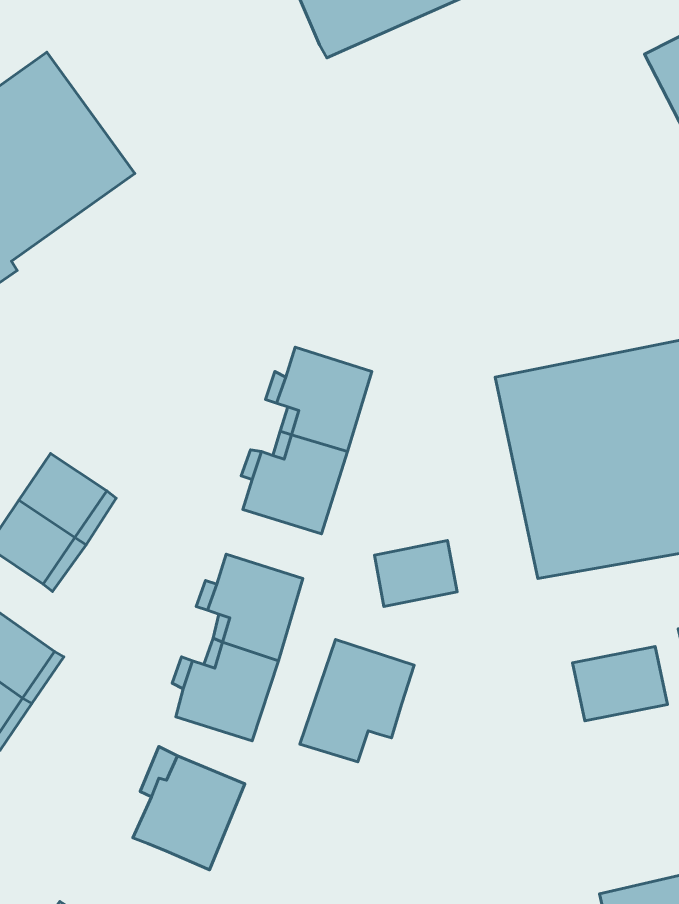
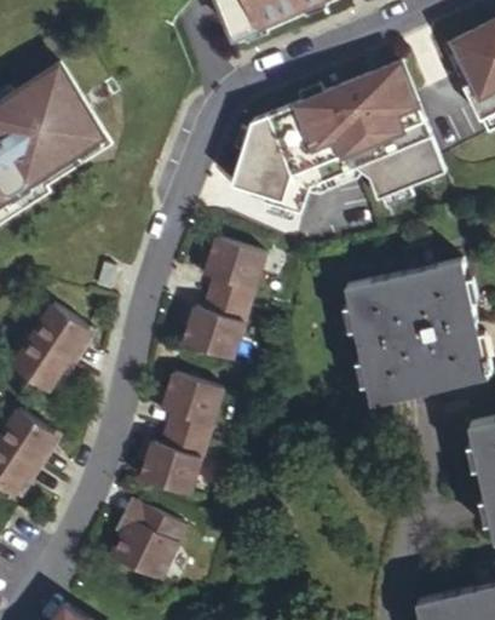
building: none -> [230,65,444,219]
building: [375,541,457,606] -> none
building: [300,640,414,762] -> none
building: [572,646,667,721] -> none

